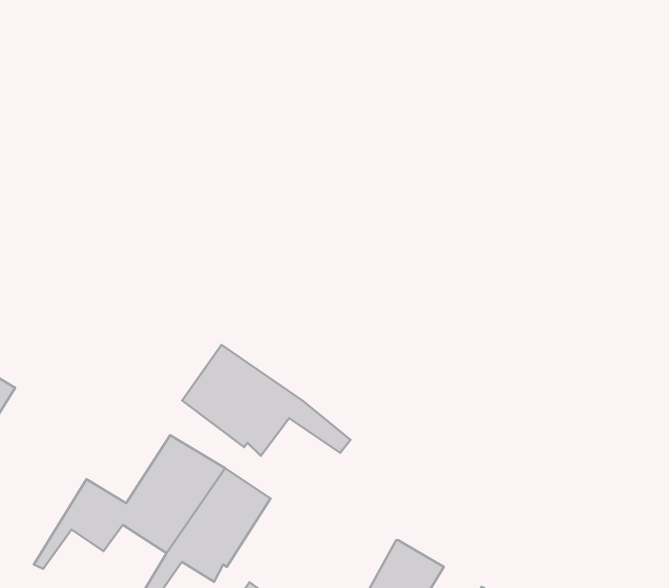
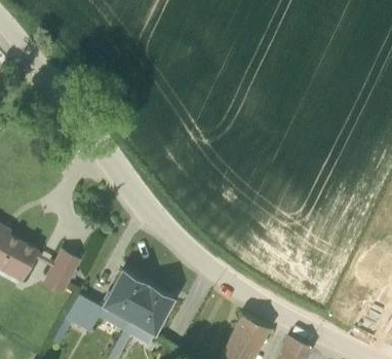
building: [182,345,350,456] -> none
building: none -> [42,249,81,294]

